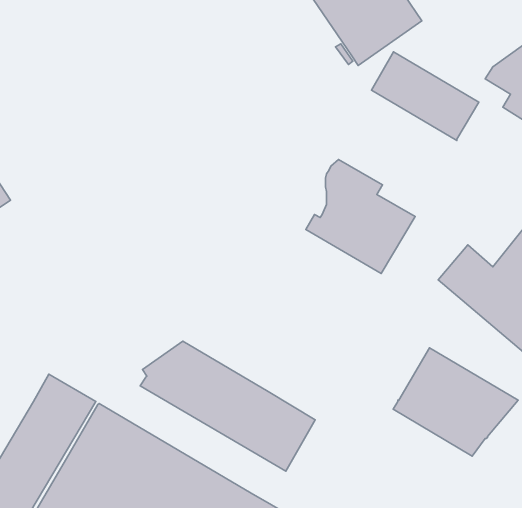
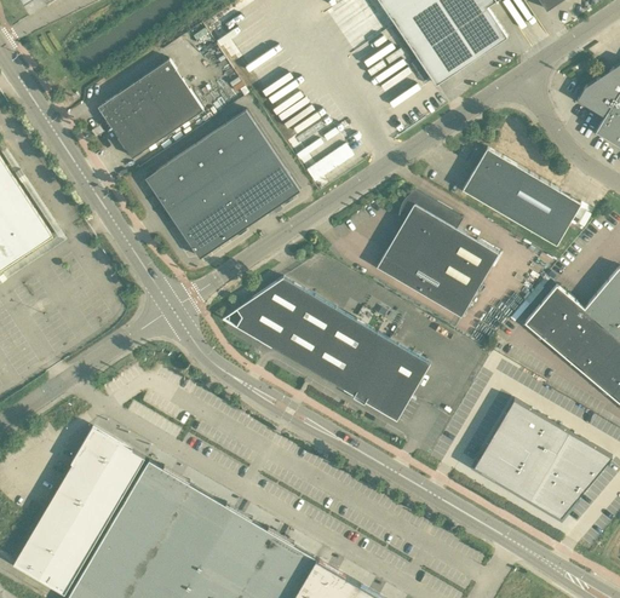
building: none -> [98,59,203,159]
building: [372,52,479,140] -> [463,148,581,246]
building: none -> [145,110,300,258]
building: [140,341,315,471] -> [236,277,430,421]

